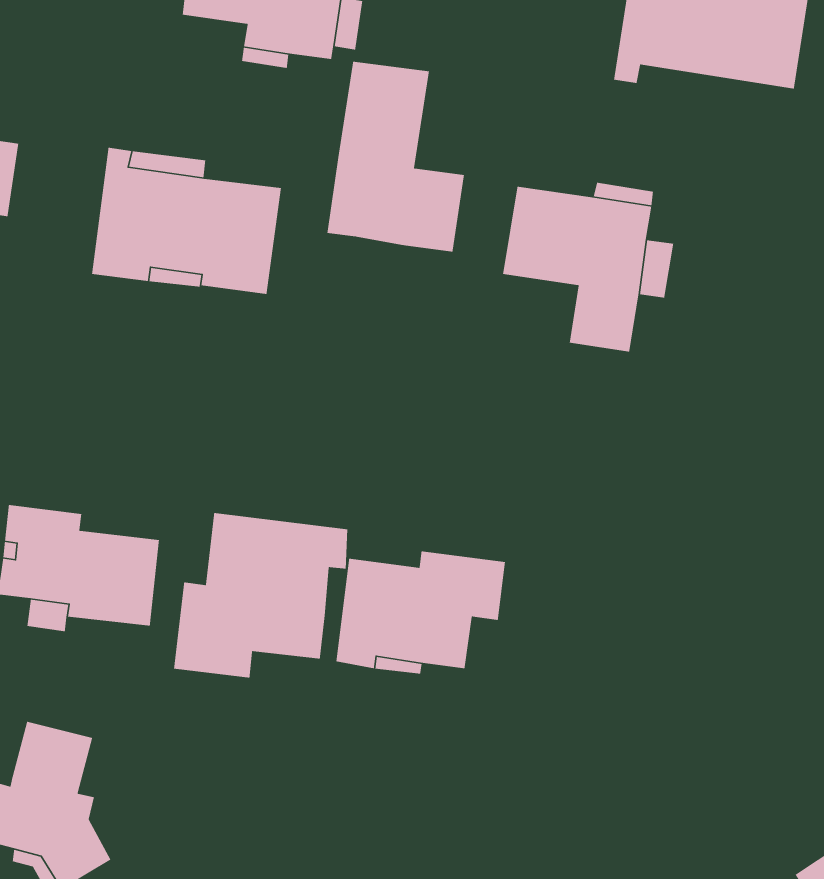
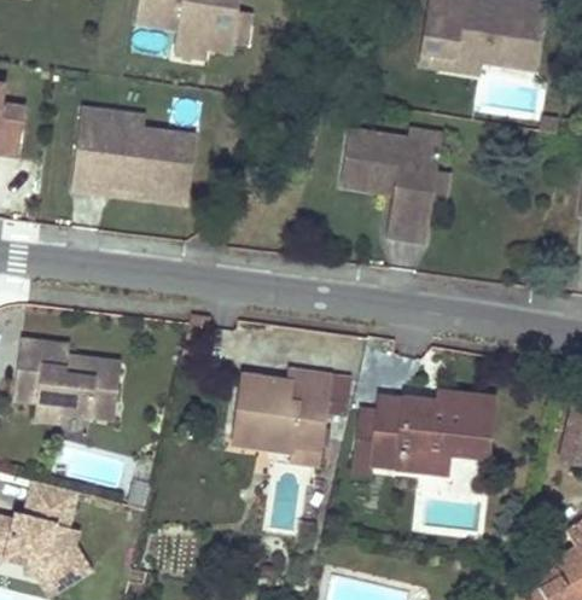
building: [326,61,465,253] -> none
building: [173,512,348,679] -> none
building: none -> [353,392,493,474]

